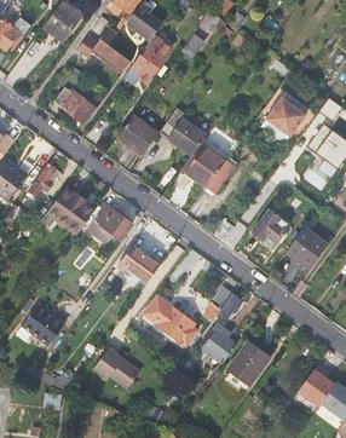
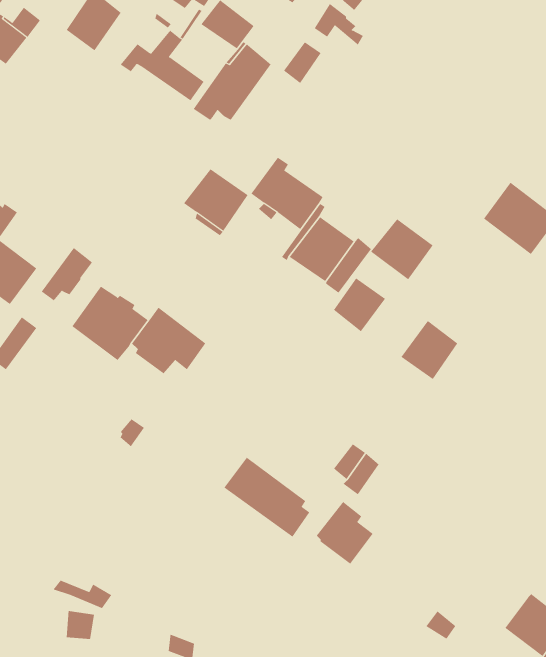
building: [56,87,90,123] -> none
building: [266,97,306,136] -> [370,219,434,280]
building: none -> [333,277,386,332]
building: [287,227,325,265] -> none
building: [120,244,160,282] -> none
building: [22,305,64,346] -> none
building: [227,341,270,386] -> none
building: [93,348,139,388] -> none
building: [298,364,334,405] -> none

